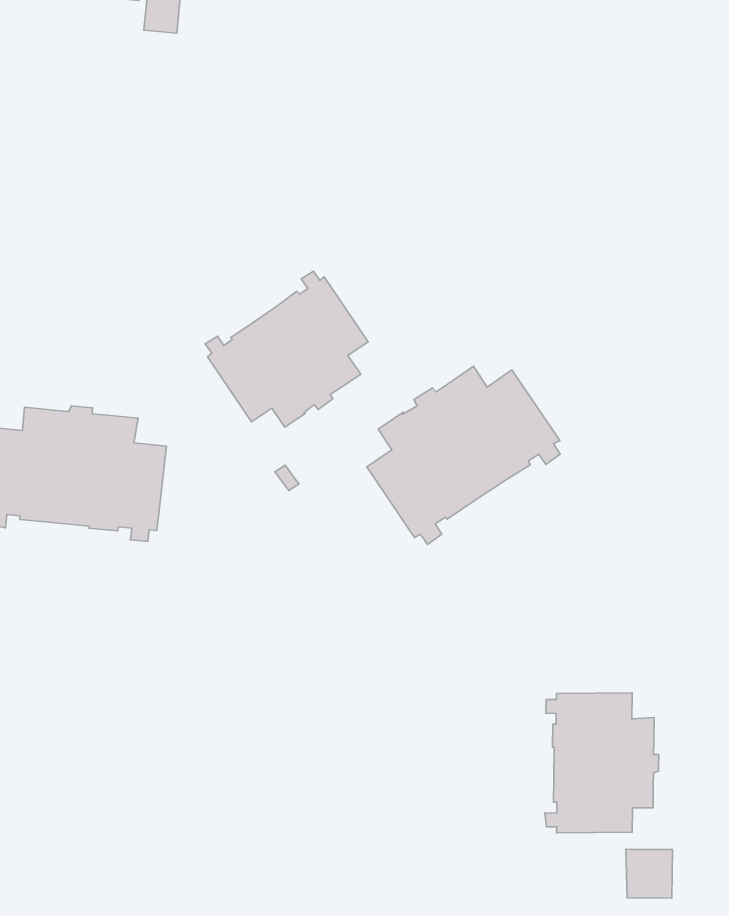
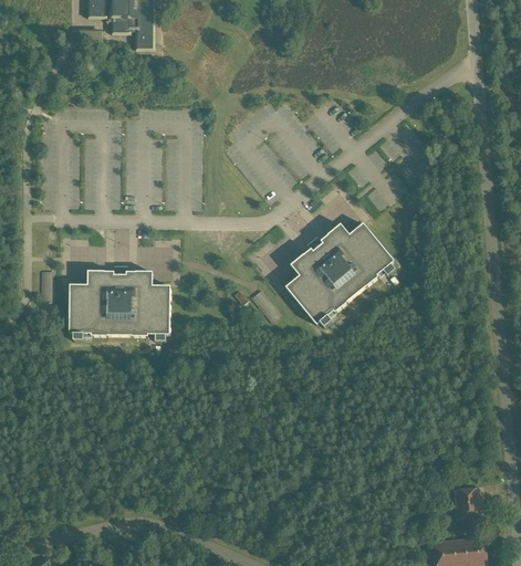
building: [205,271,368,427] -> none
building: [545,693,659,833] -> none

